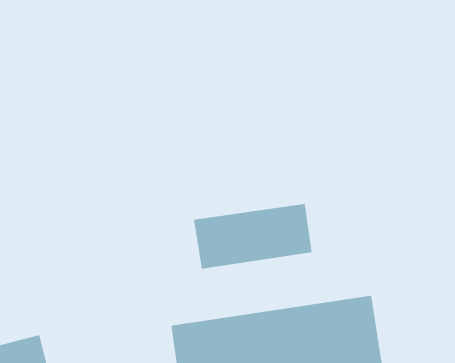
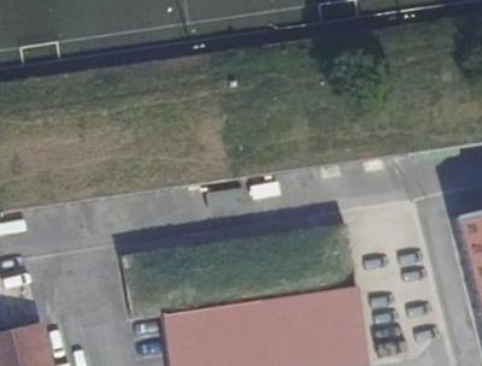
building: [193,203,312,269] -> none

